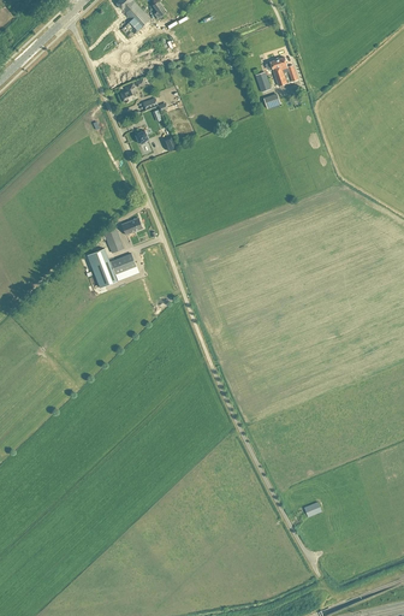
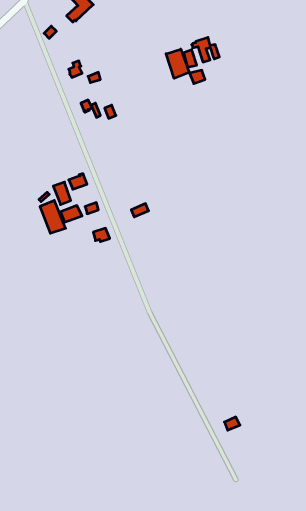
building: none -> [166,49,189,78]

